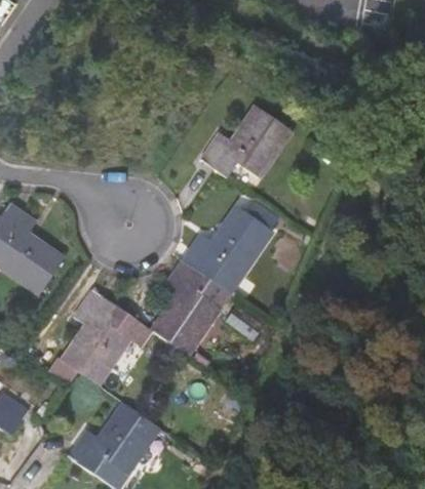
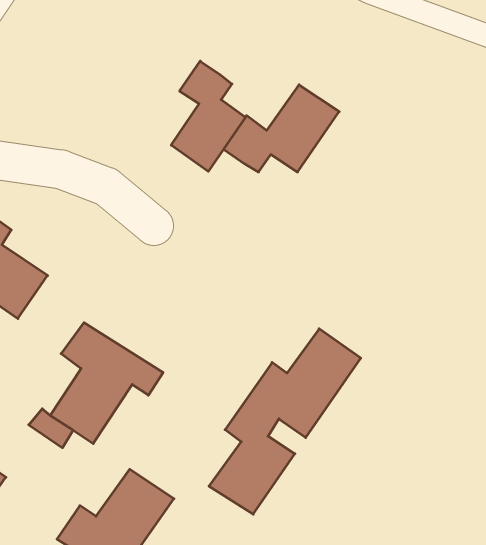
building: none -> [171,61,245,171]
building: [151,209,267,351] -> [209,329,361,514]

